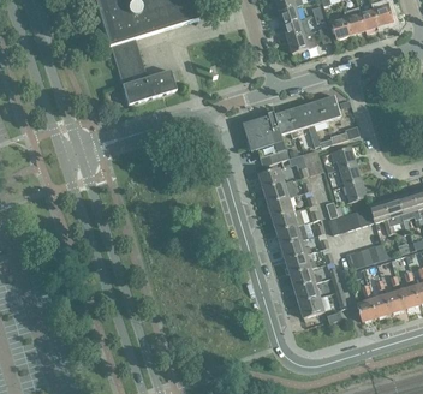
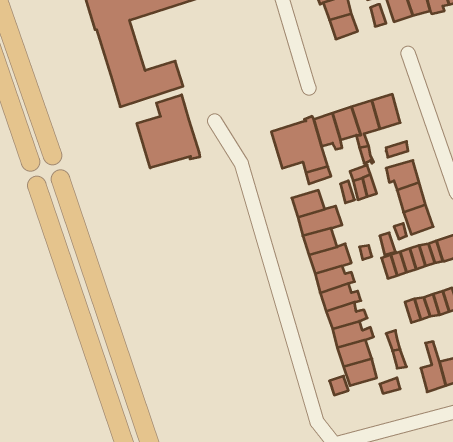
building: none -> [137,95,200,168]

